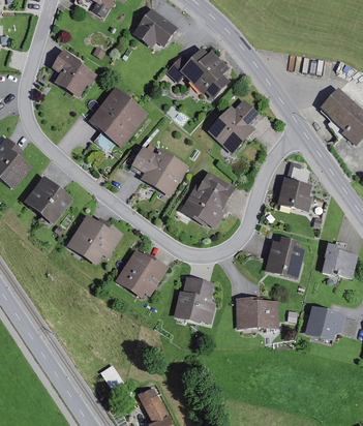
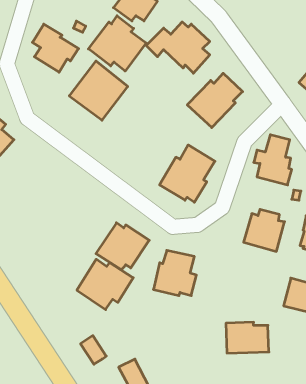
building: none -> [88,16,146,71]
building: [130,146,188,196] -> none
building: [24,177,72,224] -> none
building: [66,214,123,265] -> [77,259,133,310]
building: [235,298,278,329] -> [226,322,269,353]

